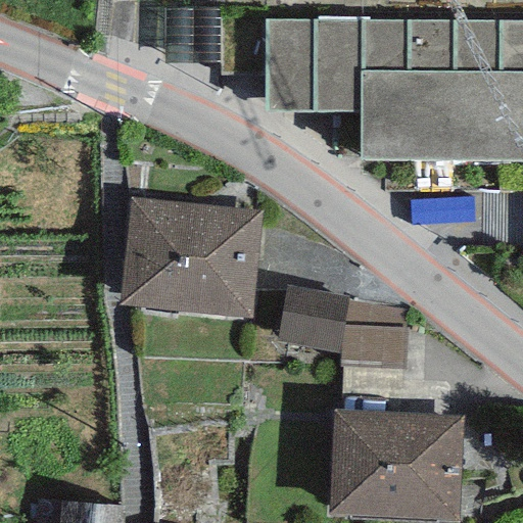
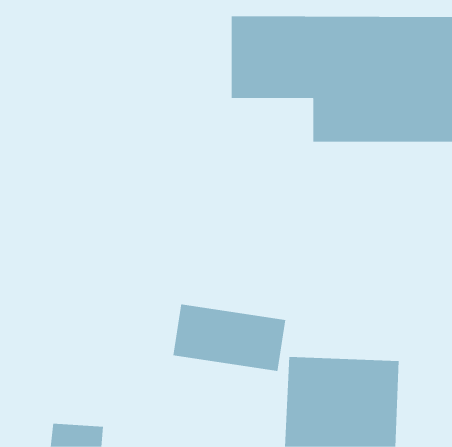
building: [121,196,262,319] -> none
building: [277,282,408,360] -> [173,304,286,371]

